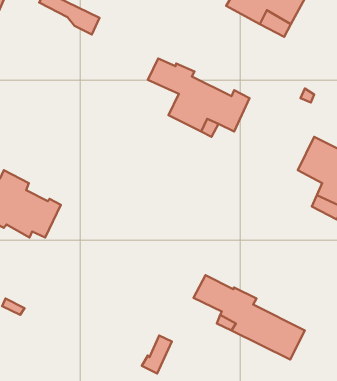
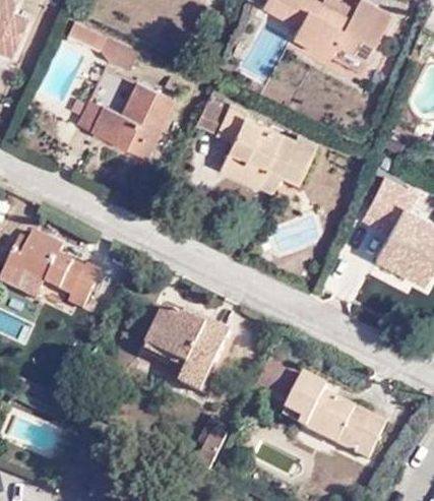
building: none -> [75,80,175,153]
building: none -> [143,308,229,394]

